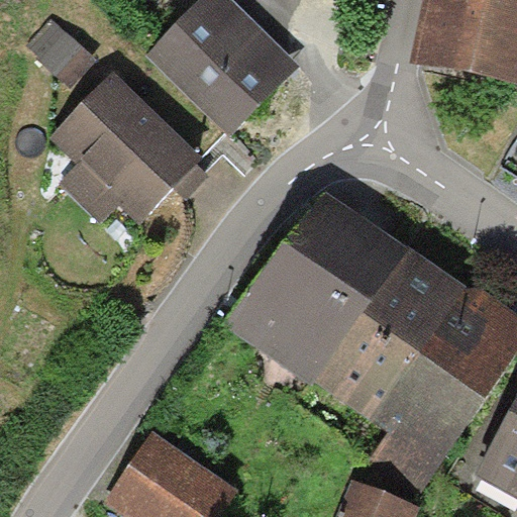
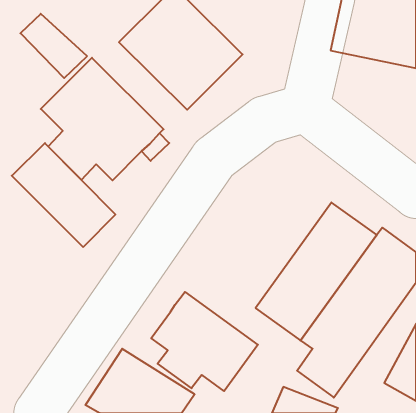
building: none -> [12,143,115,247]
building: [225,194,411,388] -> none
building: none -> [151,292,258,391]

